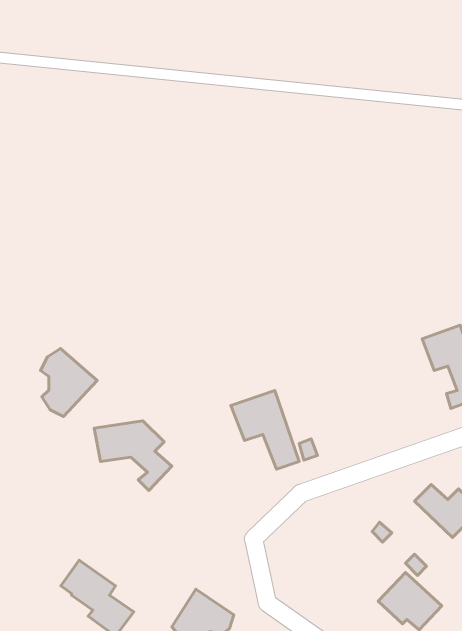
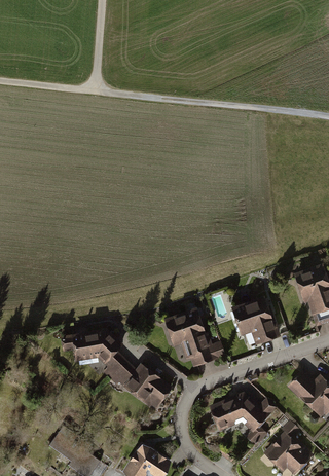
building: [41,348,97,416] -> none
building: none -> [233,300,277,342]
building: none -> [110,362,170,402]
building: none -> [211,395,265,430]

